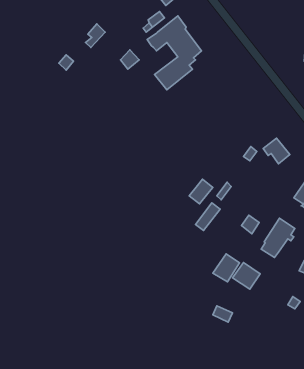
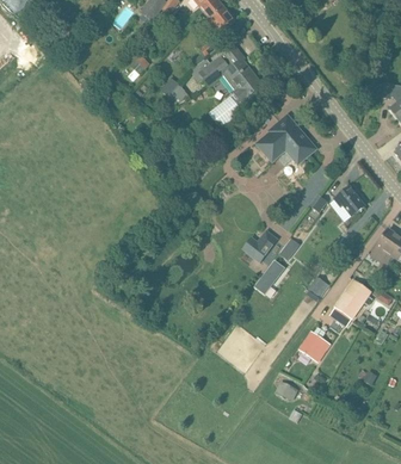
building: none -> [255,113,315,165]
building: [213,254,240,282] -> none

